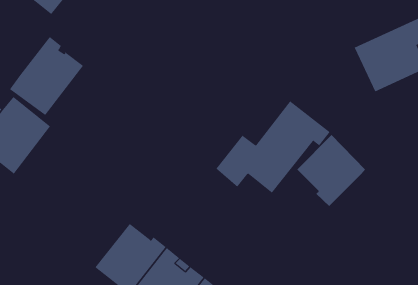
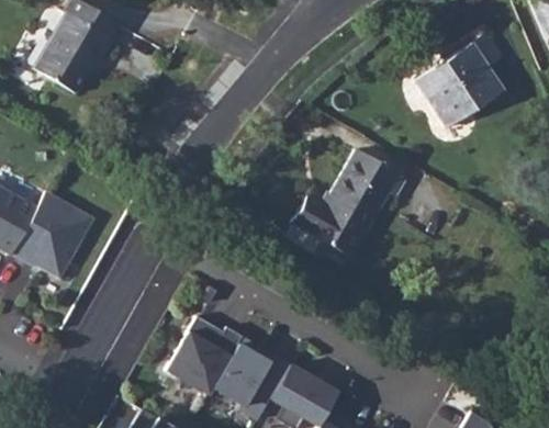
building: [9,36,84,116] -> none
building: [296,134,366,207] -> none

